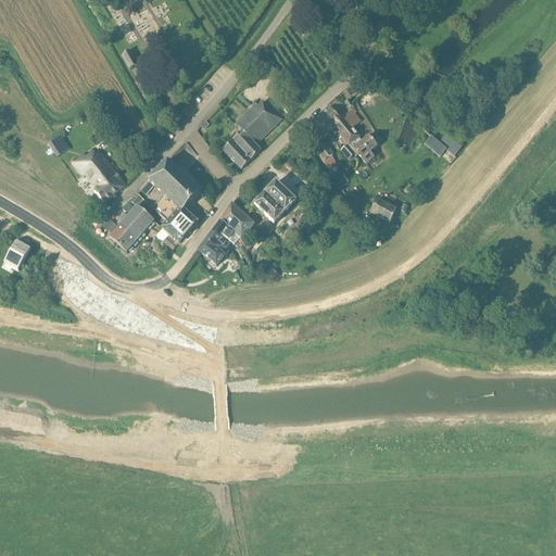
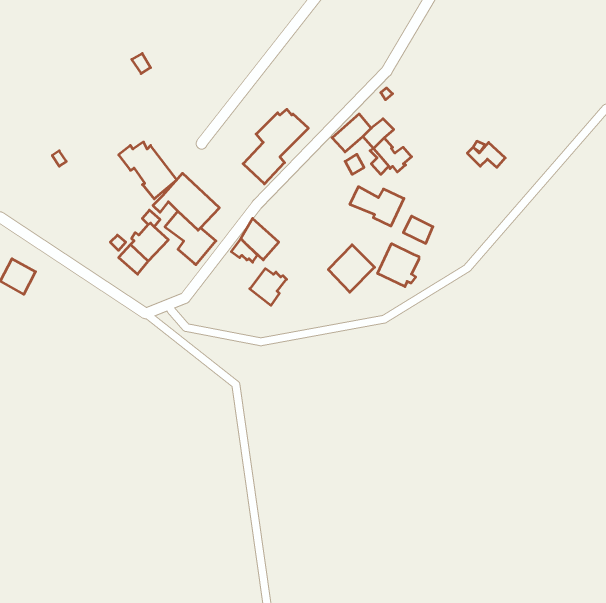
building: [72,149,125,201] -> [119,142,177,199]
building: none -> [350,187,404,226]
building: [254,179,296,223] -> [328,245,375,292]
building: none -> [378,244,419,287]
building: [198,230,231,264] -> [250,269,287,305]

